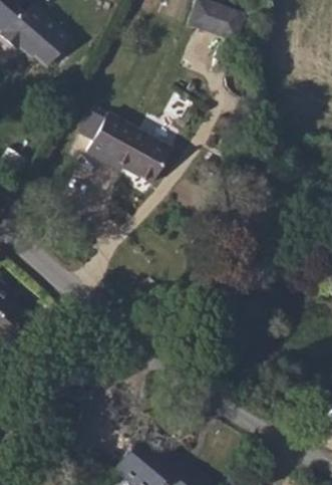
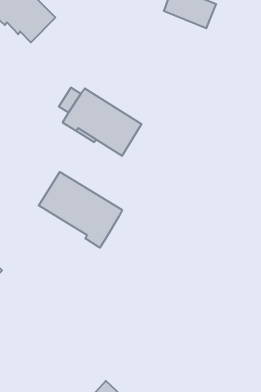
building: none -> [39,172,122,248]

